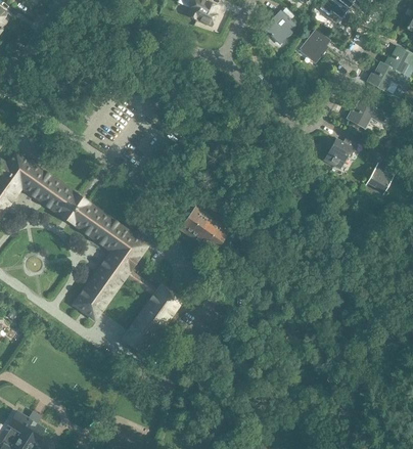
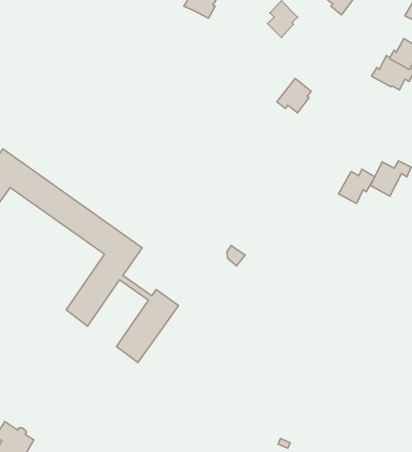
building: [297,28,330,60] -> [277,78,311,113]
building: [347,99,386,128] -> none
building: [323,136,358,169] -> [338,169,375,204]
building: [179,207,231,252] -> none

